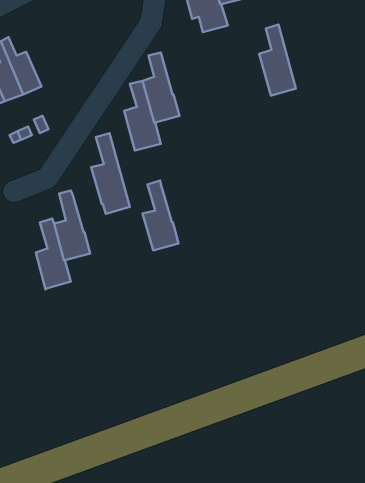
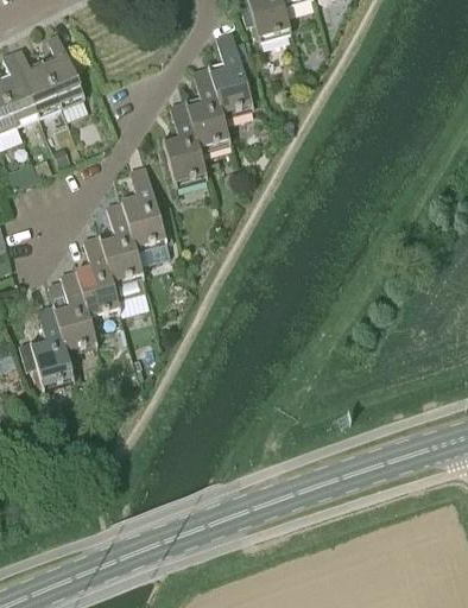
building: [259,25,296,95] -> [208,31,253,118]
building: none -> [43,33,84,108]
building: [143,180,179,250] -> [100,201,144,286]
building: none -> [18,304,75,391]

